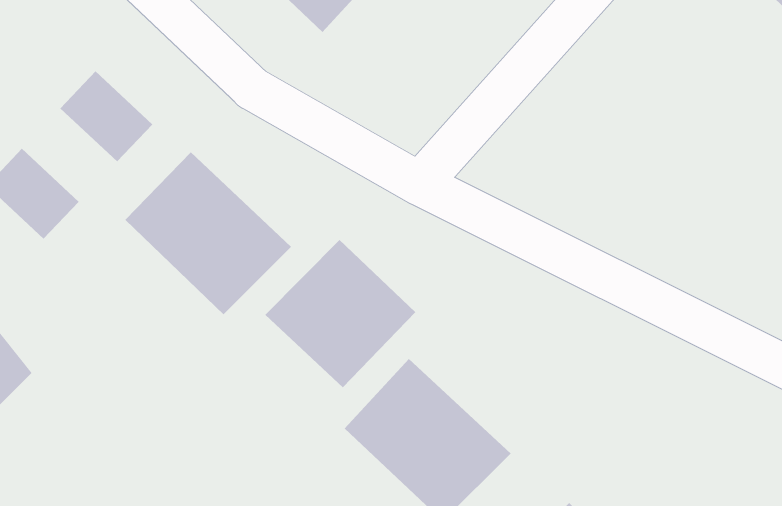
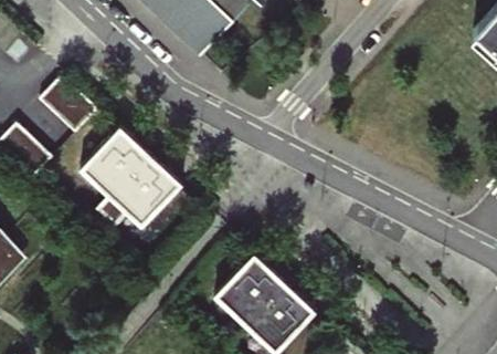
building: [265,239,416,388] -> none

